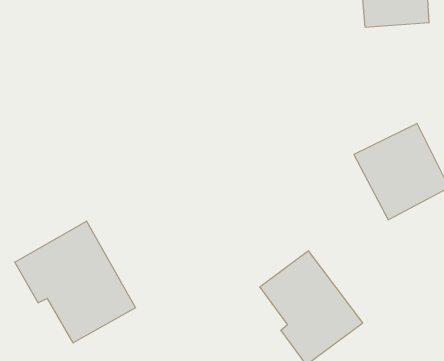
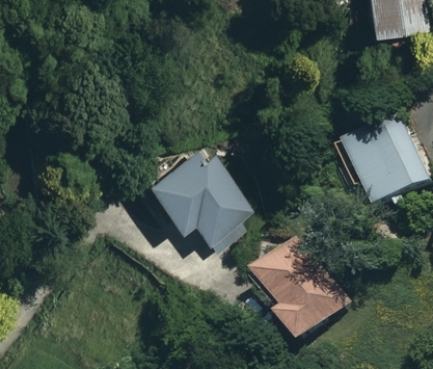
building: none -> [137,149,249,256]
building: [15,221,135,343] -> none

